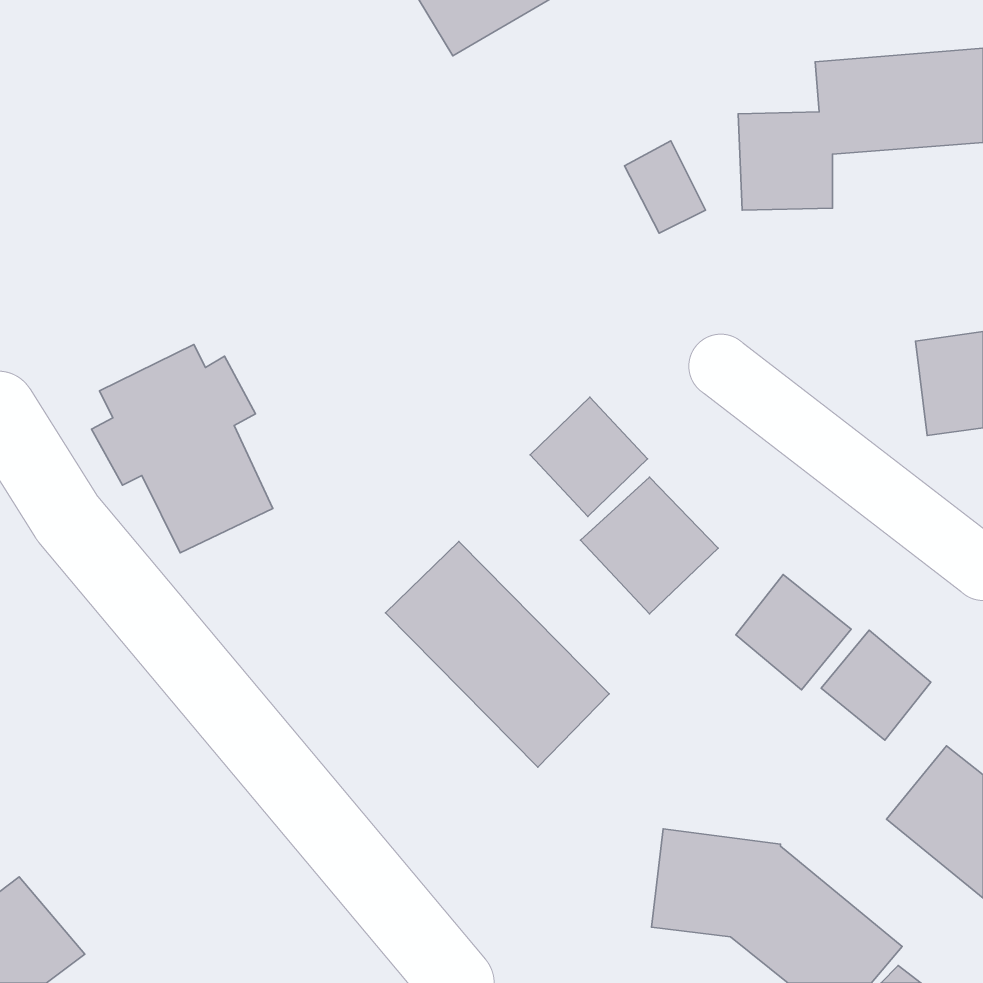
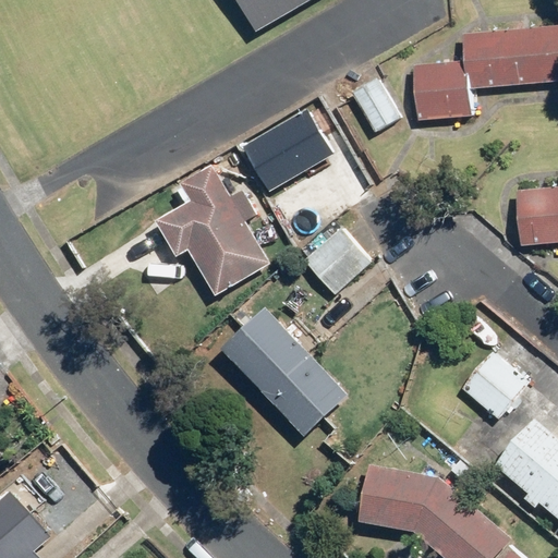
building: none -> [246,112,330,187]
building: [92,345,273,553] -> [163,174,266,292]
building: [581,477,718,614] -> none
building: [736,575,851,690] -> none

